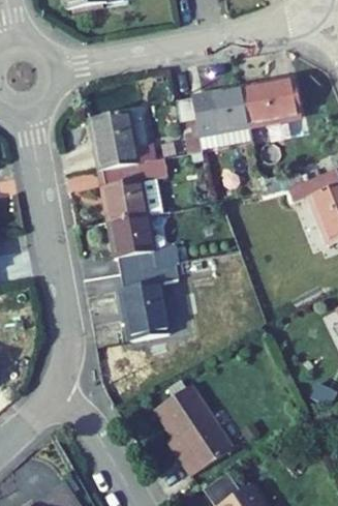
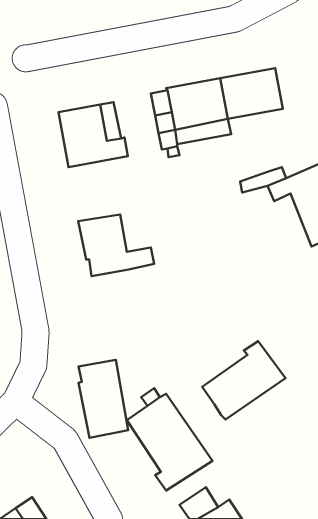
building: [98,157,166,220] -> none
building: [120,266,166,339] -> [79,360,128,438]
building: none -> [202,341,286,420]

